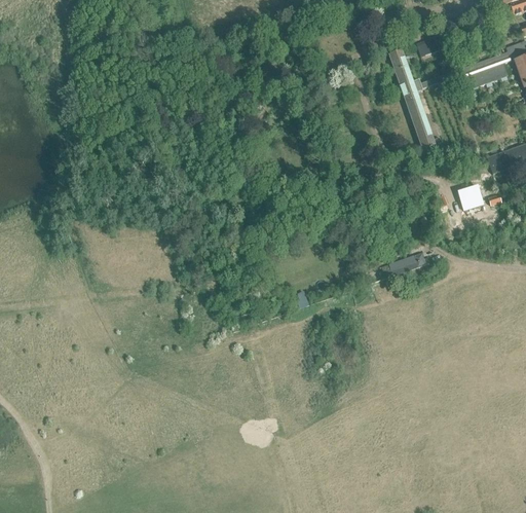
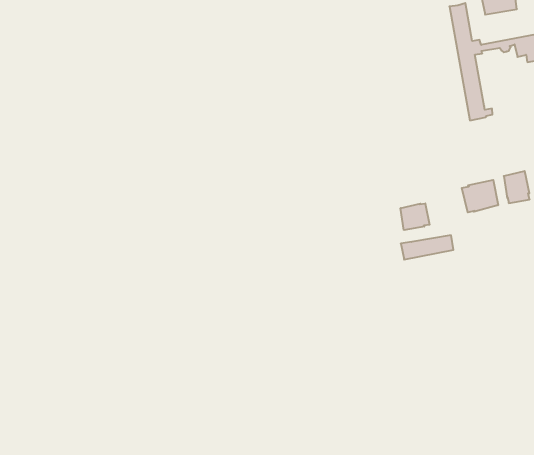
building: none -> [462,180,498,212]
building: none -> [401,203,430,230]

